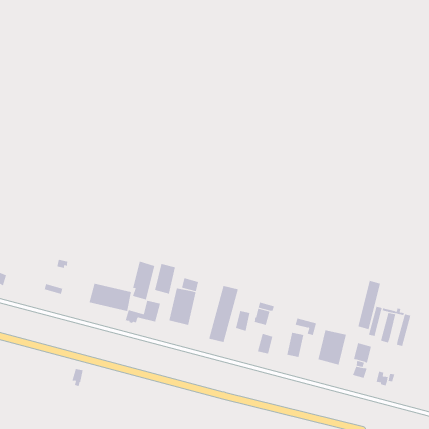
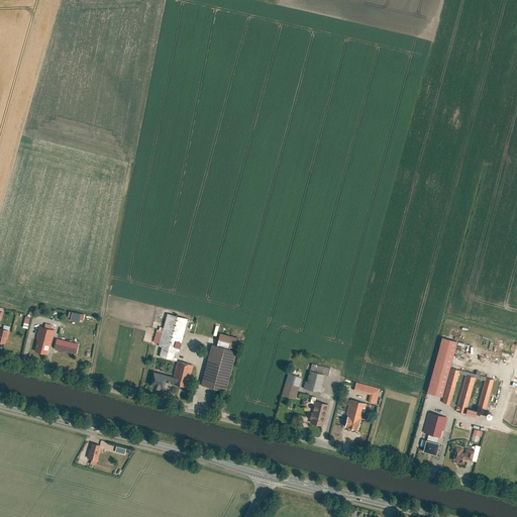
building: [155,263,176,294] -> none
building: none -> [33,327,54,355]
building: [89,283,132,312] -> none
building: [209,285,238,343] -> none
building: [318,329,347,365] -> none

